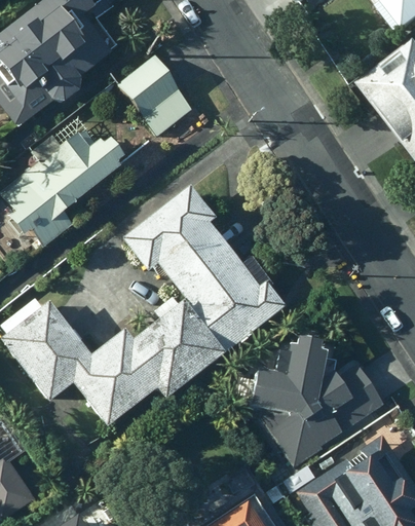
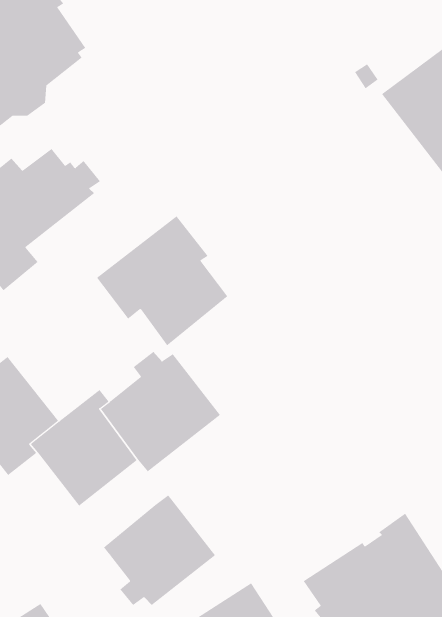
building: [117,53,193,136] -> none
building: [182,251,287,350] -> none
building: [252,336,383,467] -> none
building: none -> [103,494,216,606]

